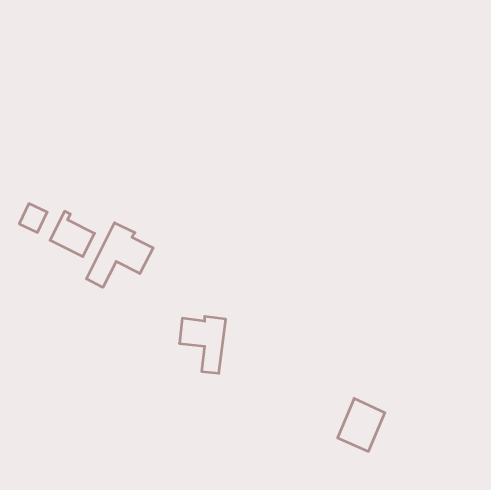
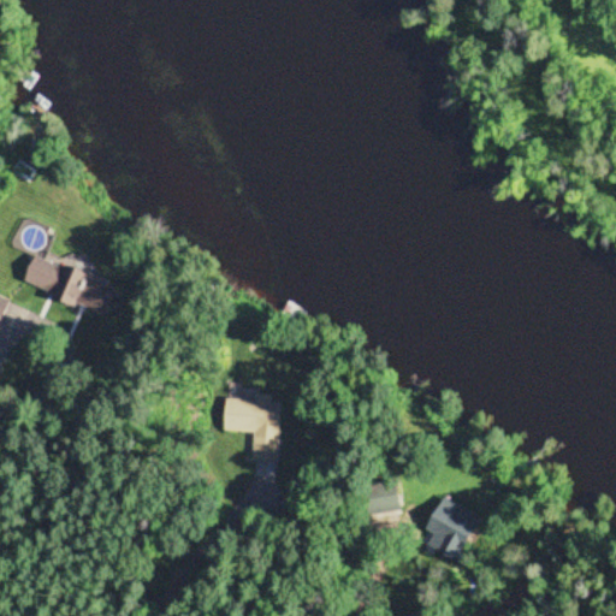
building: [86,223,153,287] -> none
building: none -> [365,479,399,513]

